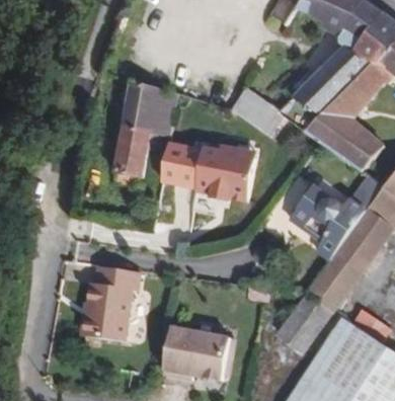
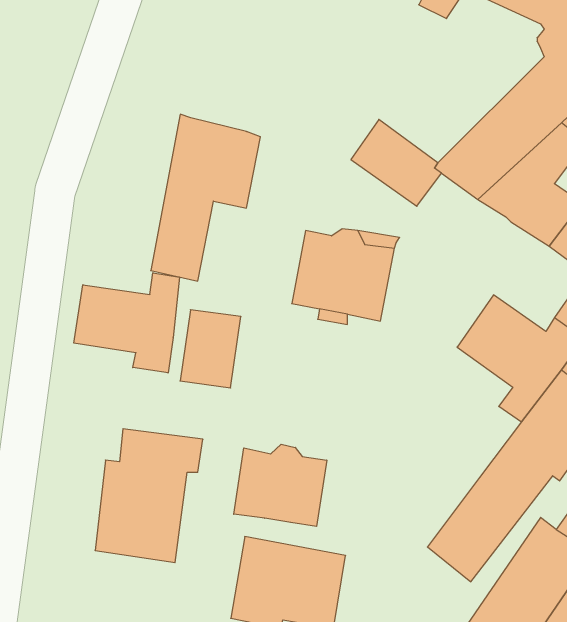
building: [164,141,200,186] -> [180,310,241,388]
building: none -> [74,273,180,373]
building: none -> [234,444,327,526]

